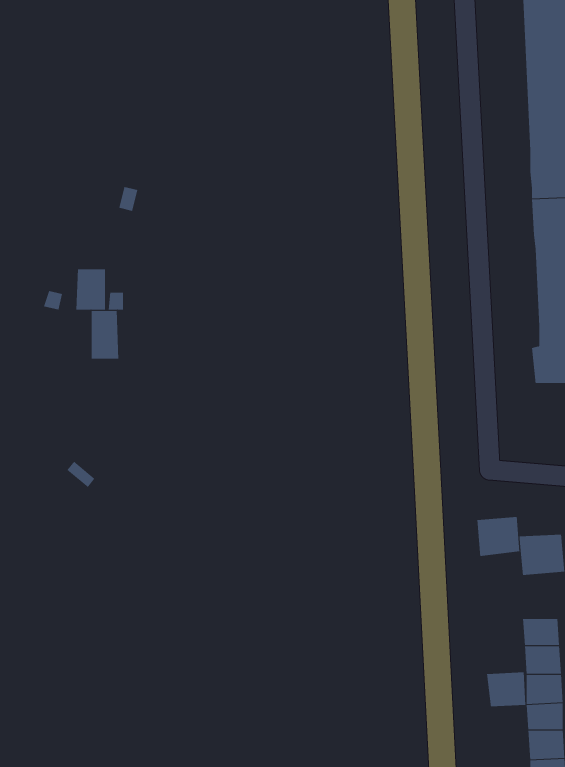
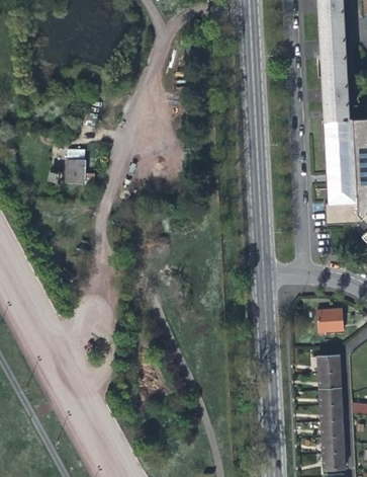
building: [91,310,119,360] -> none
building: [477,516,520,557] -> none
building: [487,672,526,707] -> none

